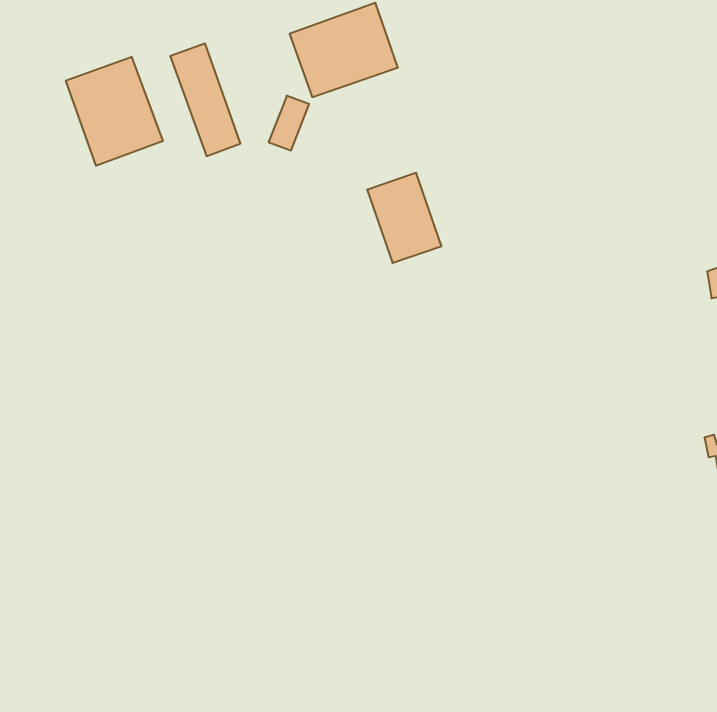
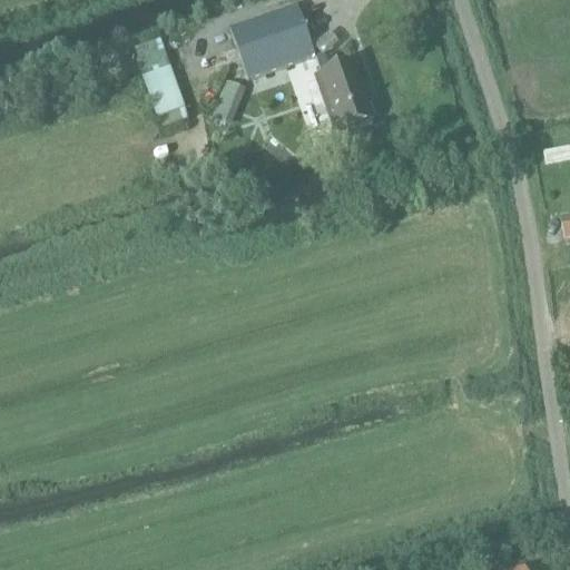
building: [66,57,163,166] -> none
building: [367,173,442,263] -> [315,59,374,130]

